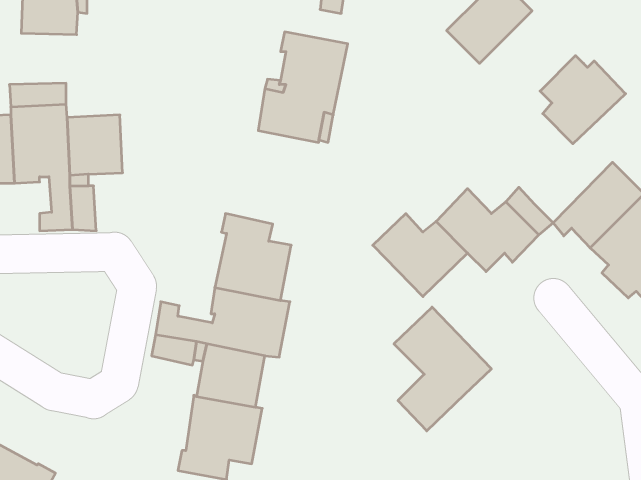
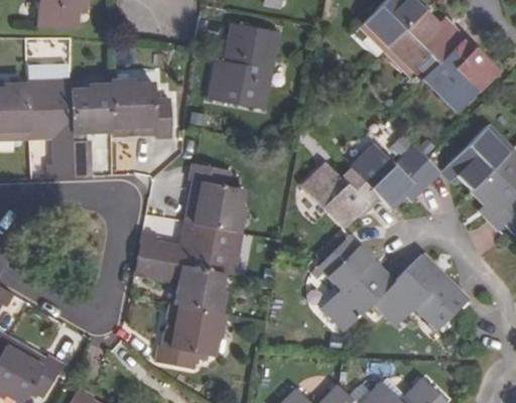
building: none -> [386,9,460,74]
building: none -> [111,83,172,137]
building: none -> [375,254,469,330]

